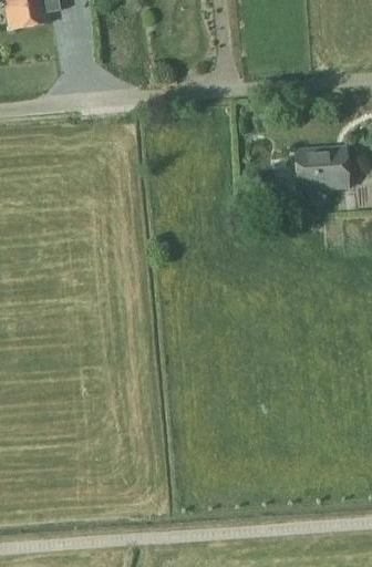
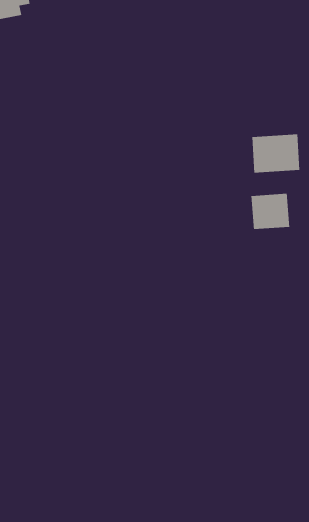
building: none -> [251,193,290,230]

